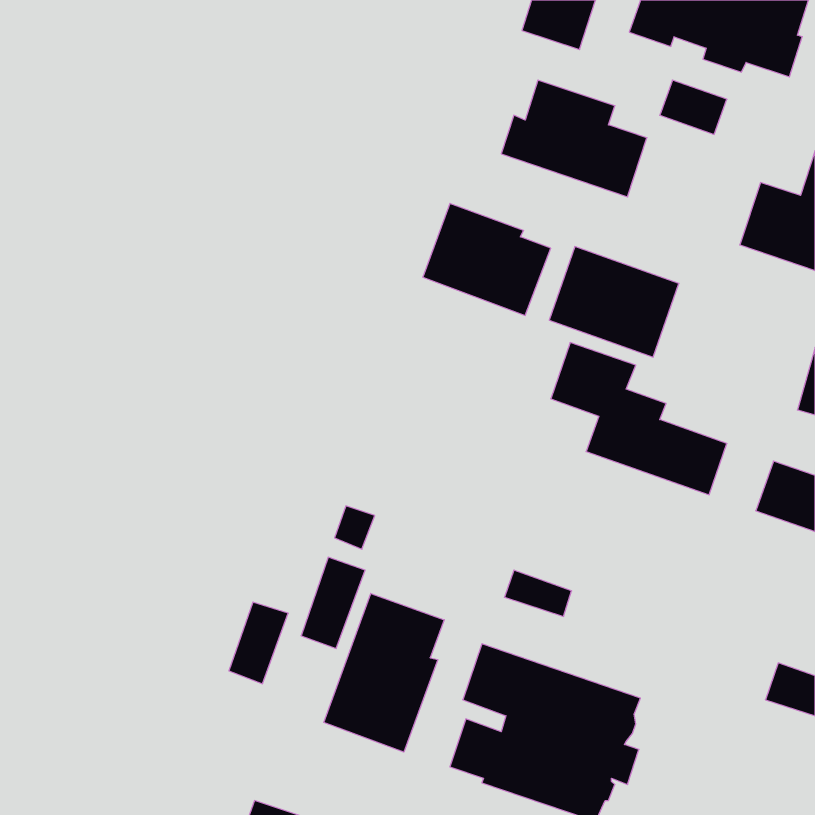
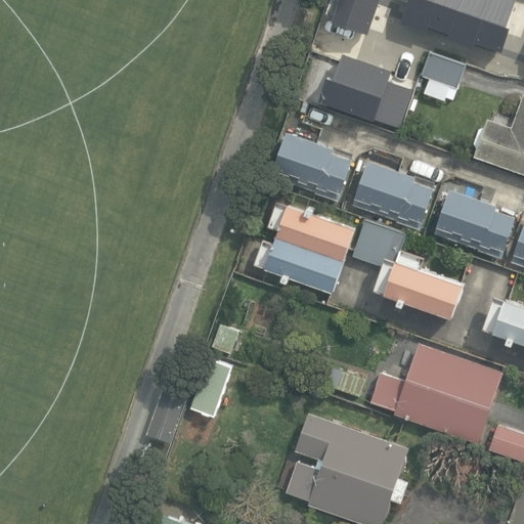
building: none -> [431,190,515,259]
building: none -> [254,203,355,293]
building: none -> [372,343,504,443]
building: [324,593,444,752] -> none

